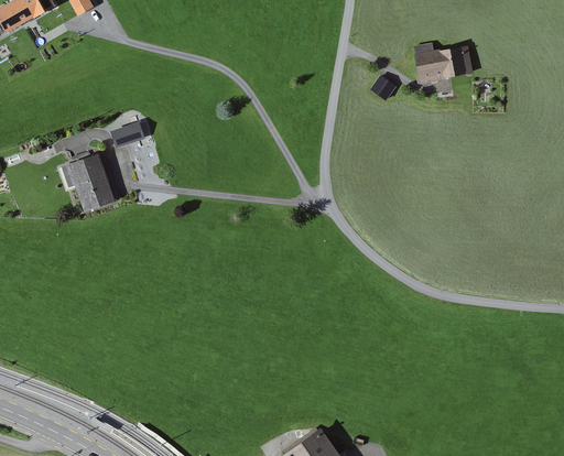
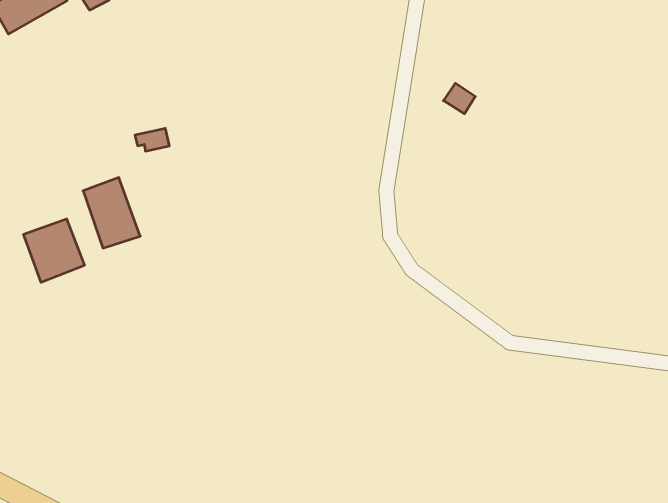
building: [413,42,473,85] -> none
building: none -> [24,219,84,282]

